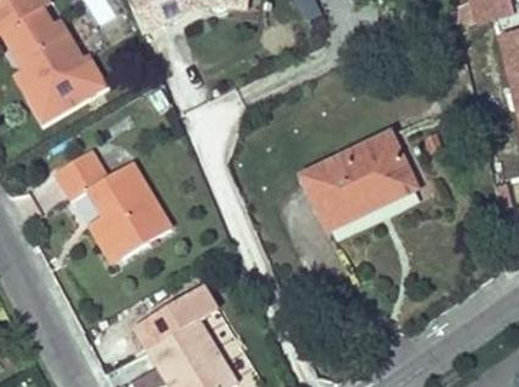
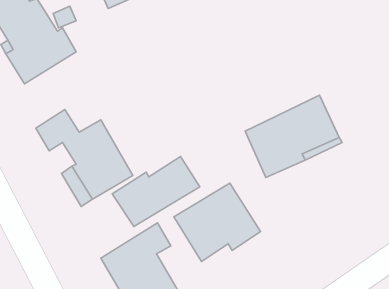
building: none -> [112,156,200,226]
building: none -> [174,183,261,262]

